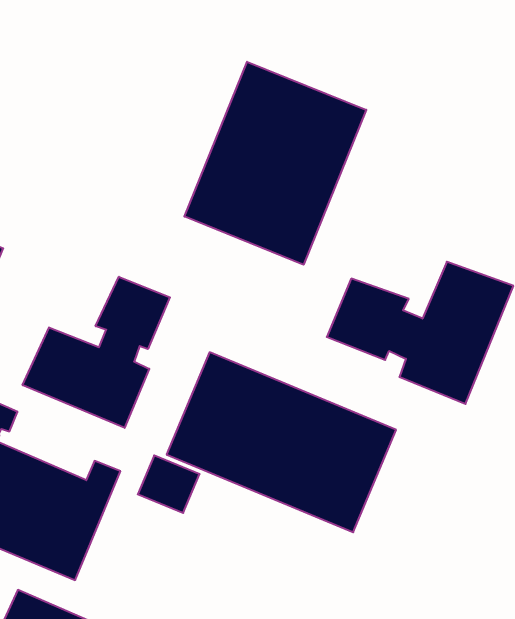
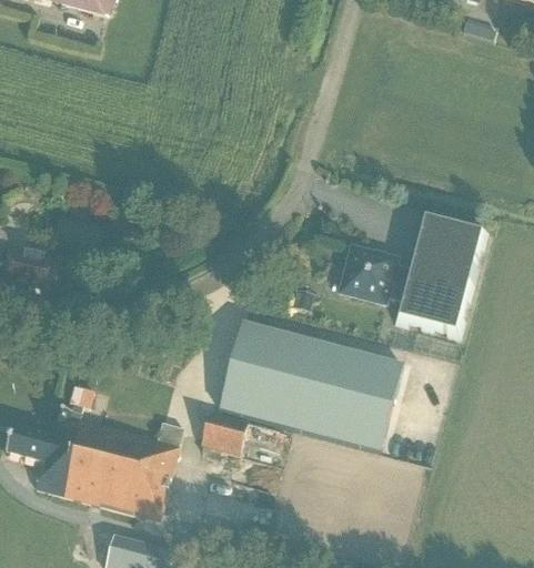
building: [184,62,366,265] -> none
building: [23,277,170,428] -> none

